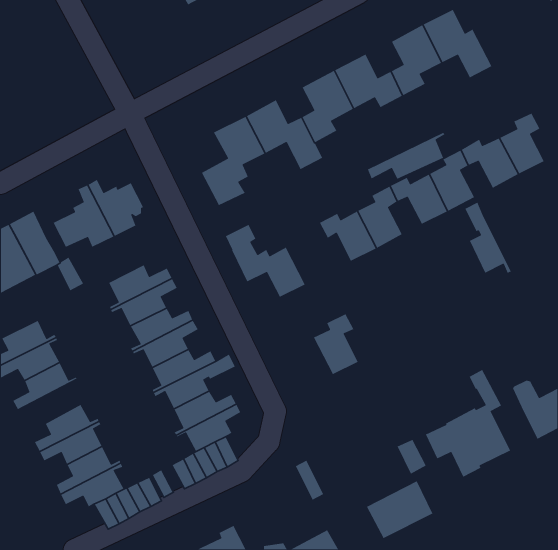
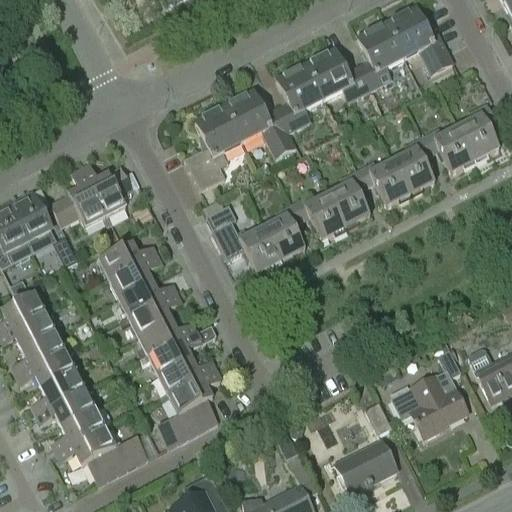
building: [367,132,446,180] -> none
building: [464,202,512,274] -> none
building: [313,313,359,375] -> [262,204,304,261]
building: none -> [16,347,80,388]

